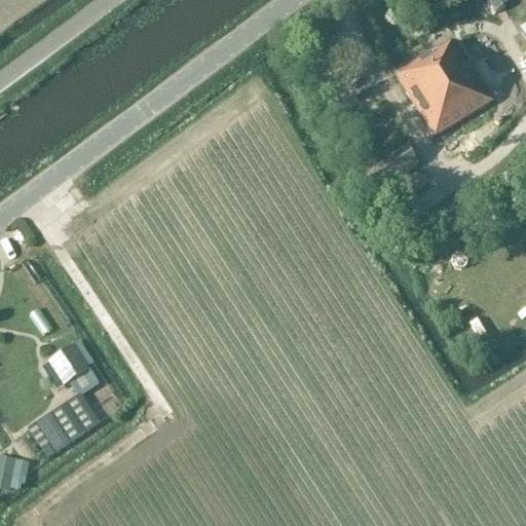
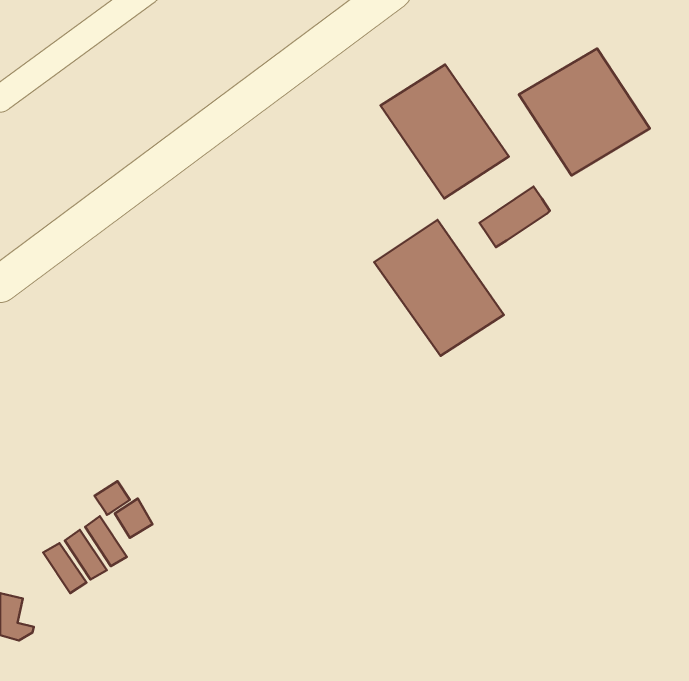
building: none -> [381,65,509,199]
building: none -> [374,220,504,356]
building: [49,341,90,382] -> none

